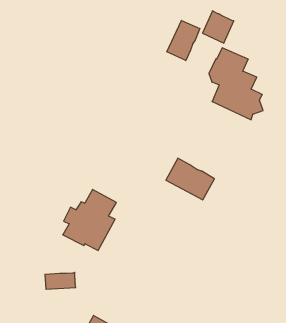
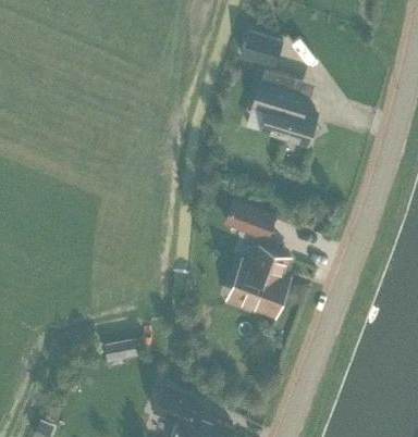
building: [167,20,200,61] -> none
building: [63,189,116,250] -> [233,247,290,313]

